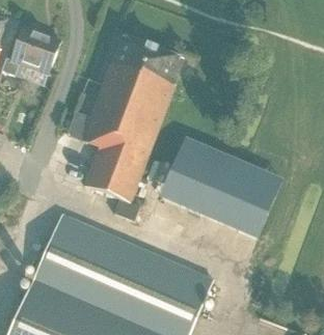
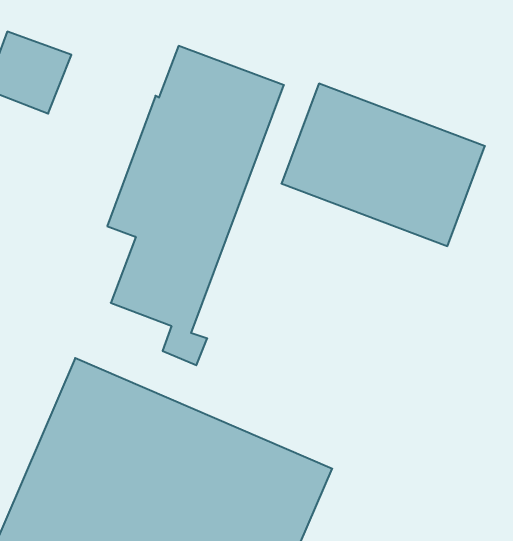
building: [160,129,278,223] -> [281,84,485,246]

